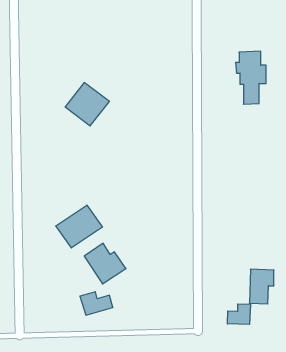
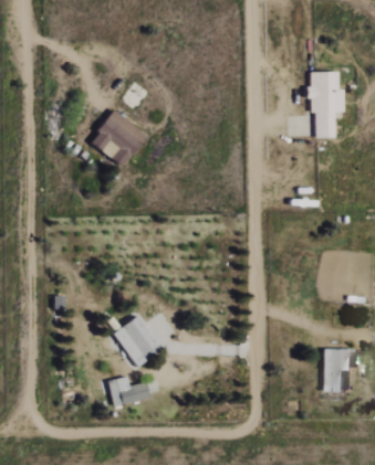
building: [56,205,102,248] -> none
building: [227,304,250,324] -> none

